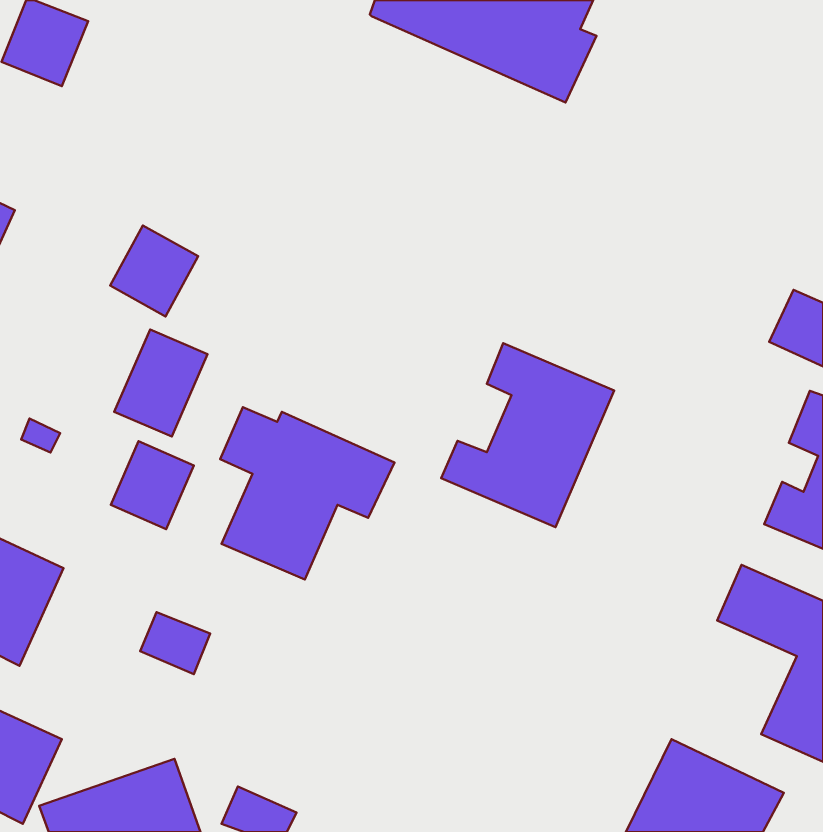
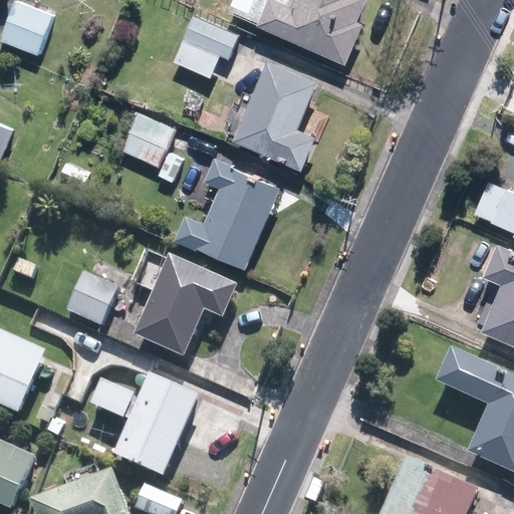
building: none -> [176,12,240,77]
building: none -> [236,58,322,169]
building: [110,225,198,317] -> [123,110,178,167]
building: [114,329,208,436] -> none
building: [441,343,614,527] -> [171,158,277,271]
building: none -> [108,371,195,475]

